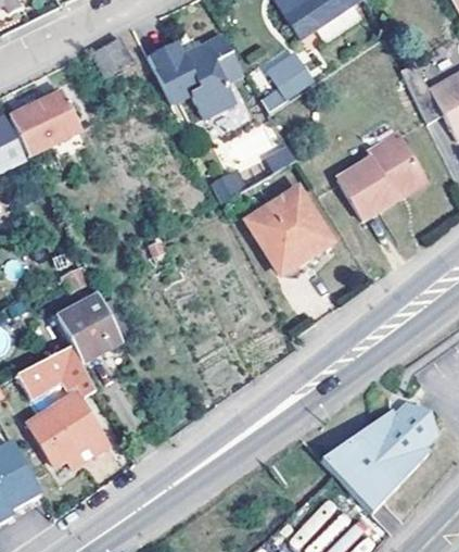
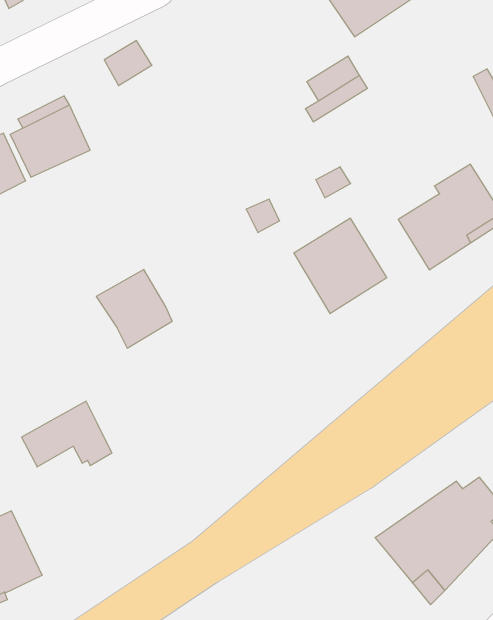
building: [146,34,235,115] -> none
building: [59,293,123,360] -> [96,269,172,348]
building: [25,399,106,475] -> none

